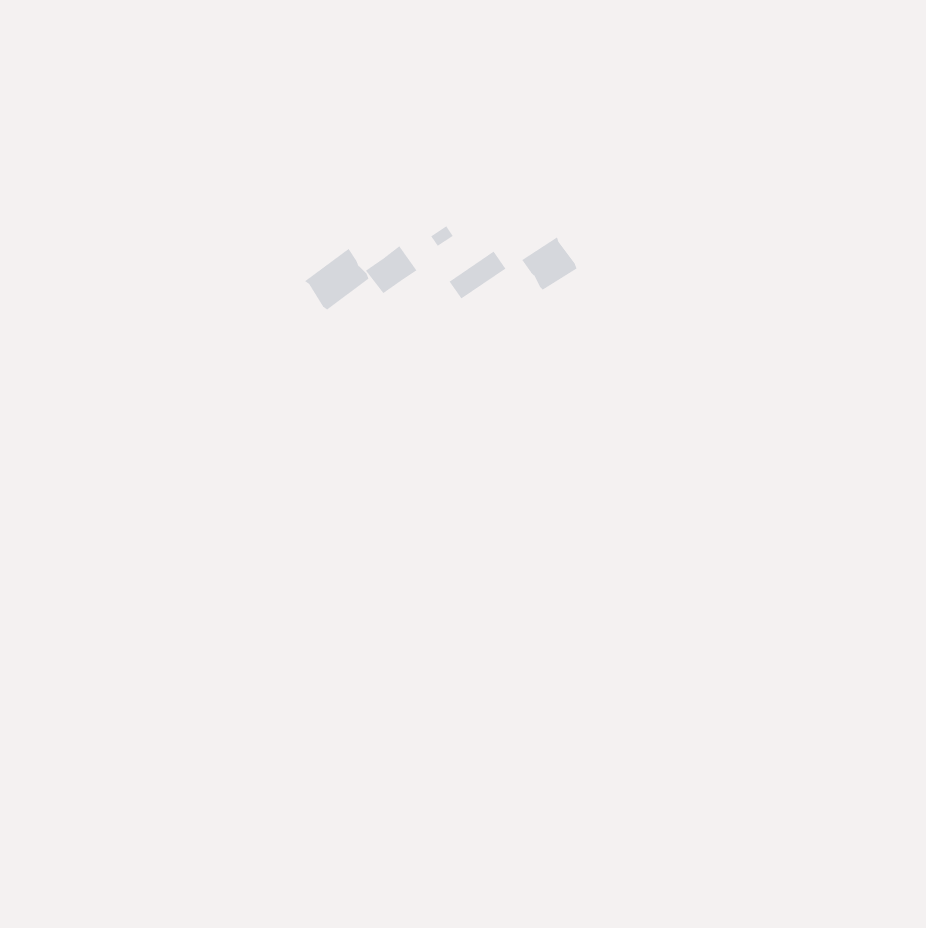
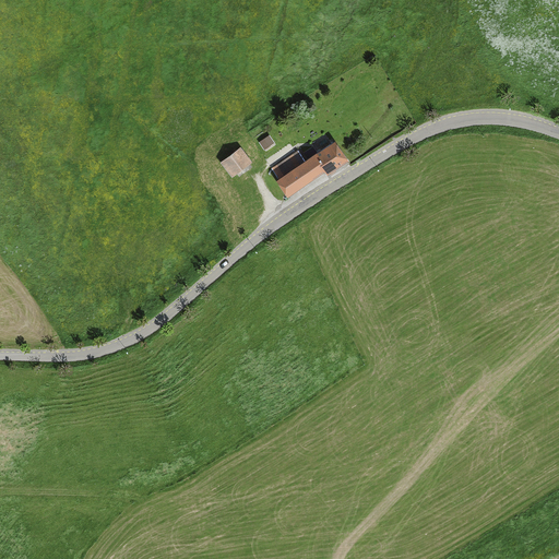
building: [304,248,369,311] -> none
building: none -> [275,156,324,198]

